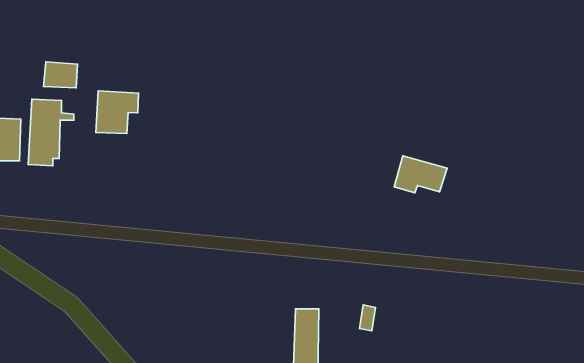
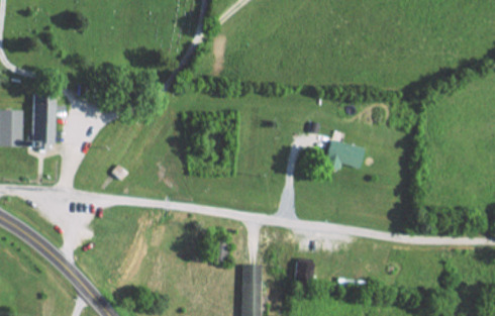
building: [44,62,77,88] -> none
building: [96,91,139,133] -> none

